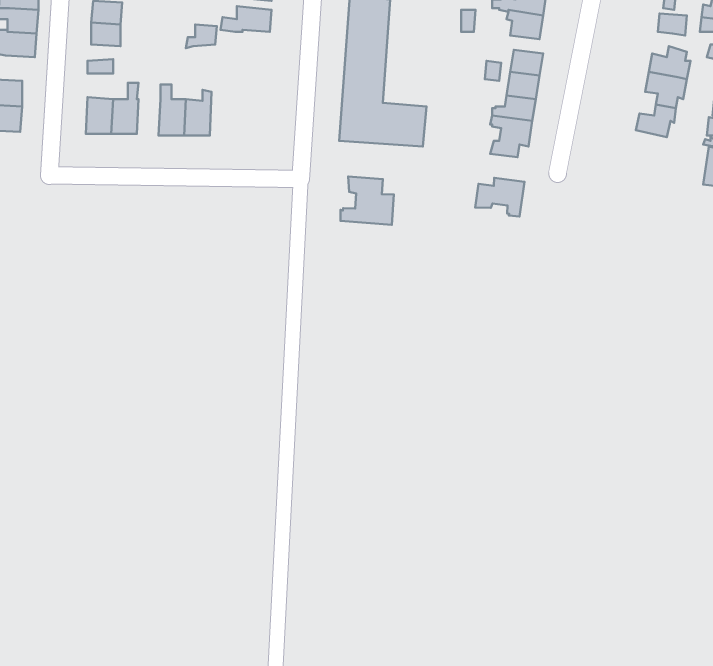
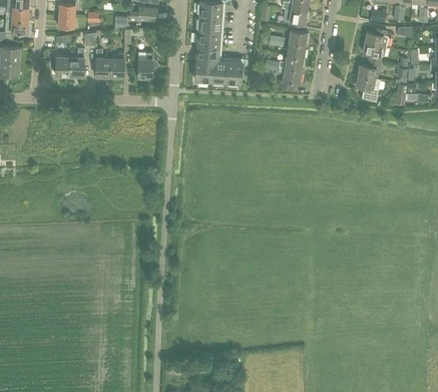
building: none -> [137,52,155,78]
building: none -> [356,74,380,101]
building: [340,176,394,225] -> none
building: [475,178,524,216] -> none

